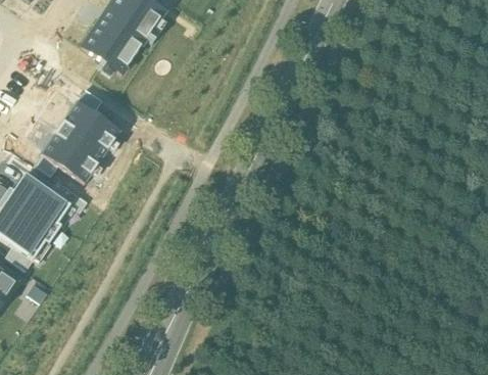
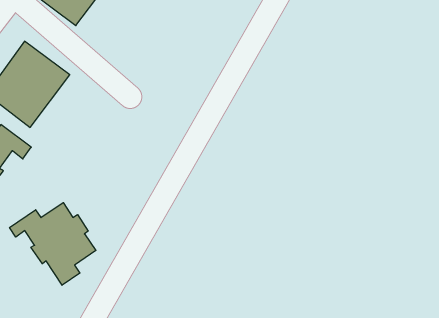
building: none -> [10,203,96,285]

